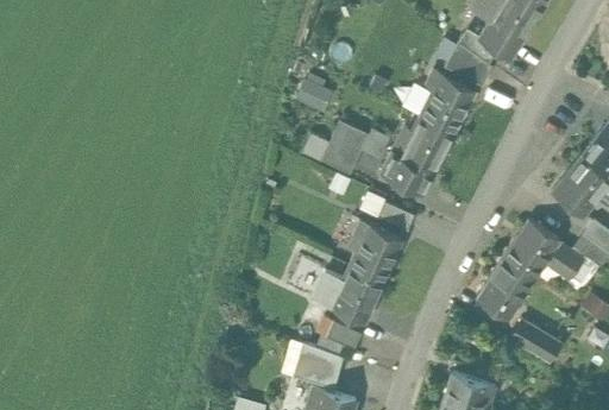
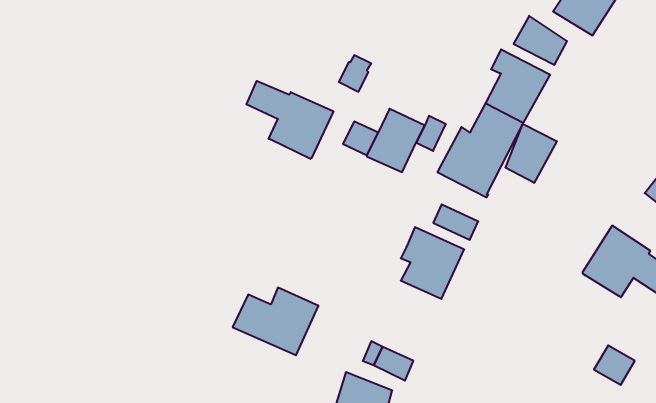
building: none -> [247,81,333,159]
building: none -> [506,124,557,183]
building: [478,260,534,317] -> none
building: [312,266,384,323] -> [233,288,319,355]

